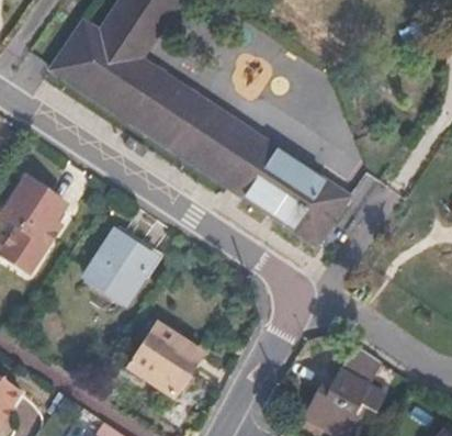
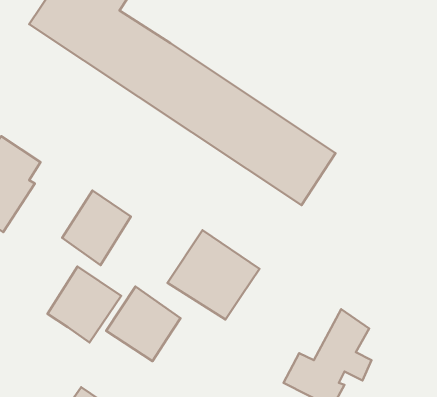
building: none -> [168,230,260,320]
building: none -> [48,267,121,342]

